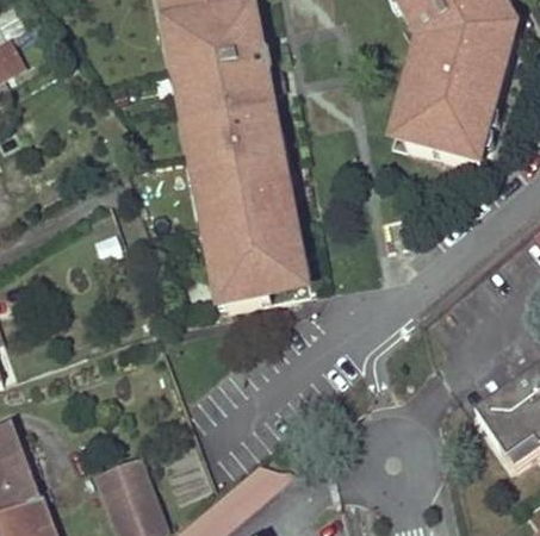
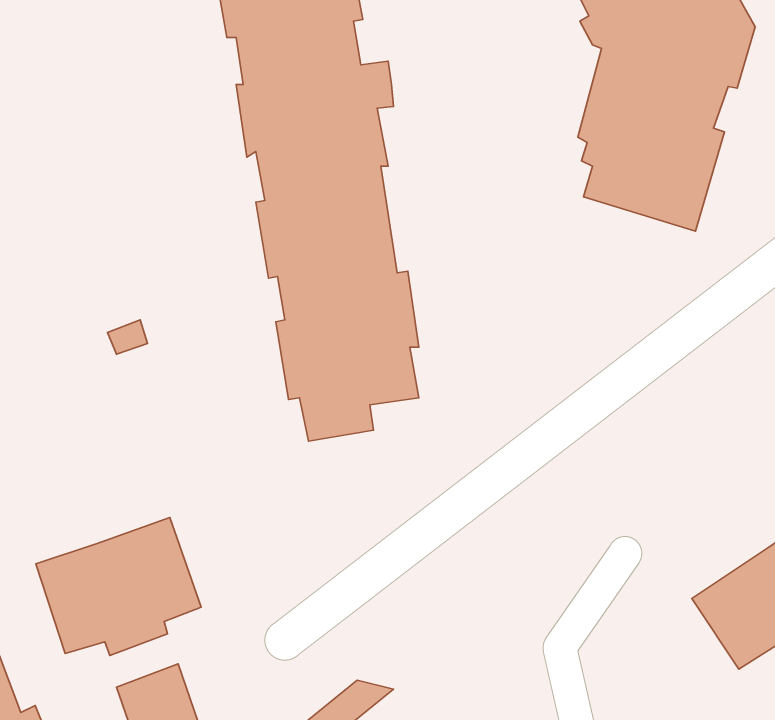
building: none -> [36,518,201,656]

